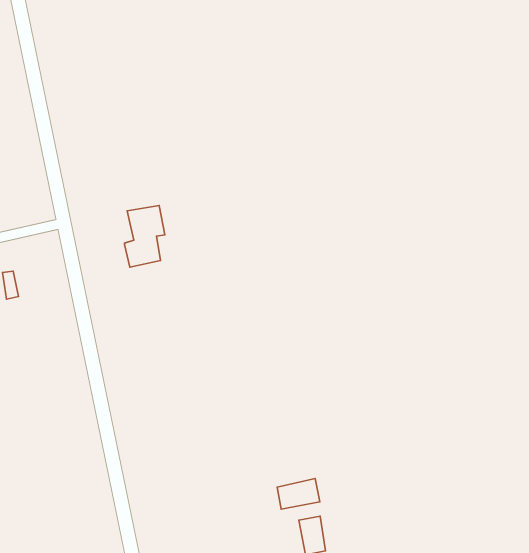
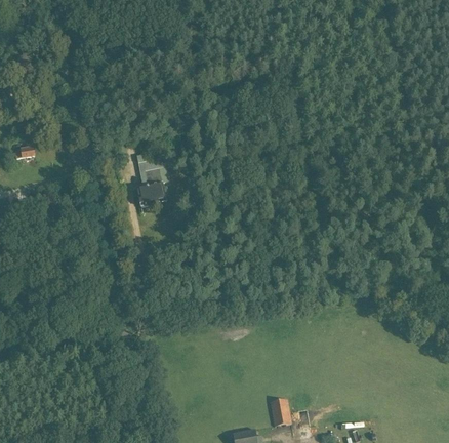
building: [277,478,320,509] -> none

